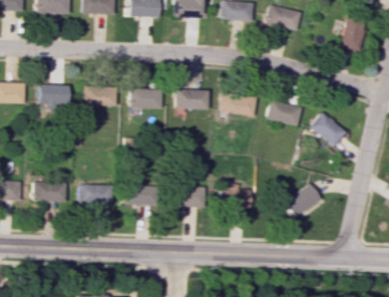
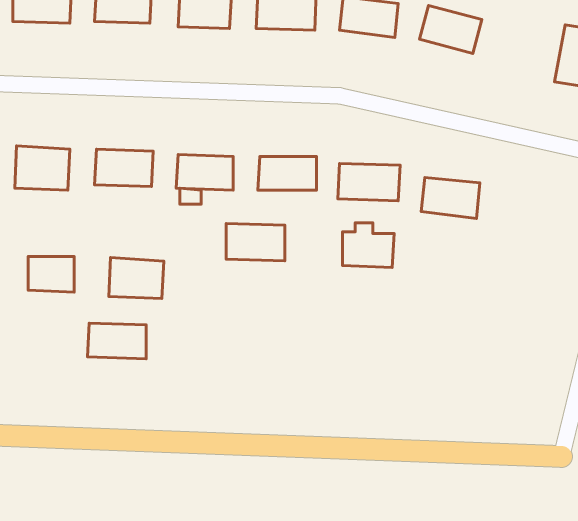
building: [310,112,346,146] -> none
building: [39,183,65,203] -> [28,256,74,292]
building: [123,184,154,207] -> [109,258,164,298]
building: [221,184,250,209] -> [343,223,394,267]
building: [283,184,321,218] -> none
building: [170,186,204,207] -> [226,224,285,261]

